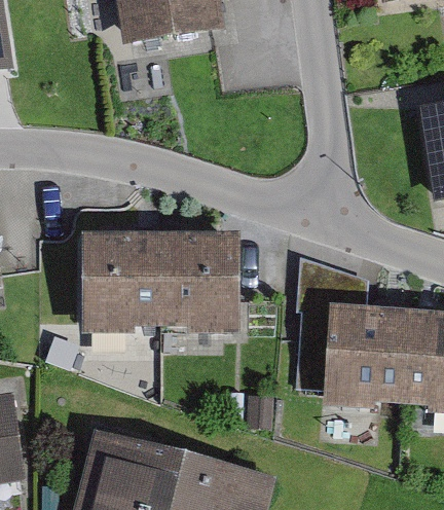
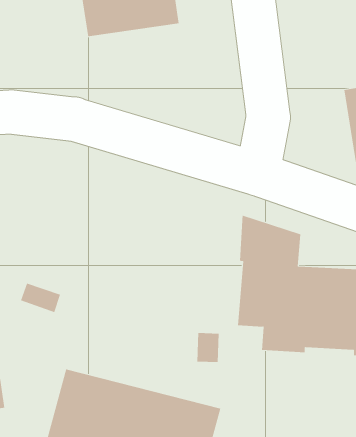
building: [83,234,242,336] -> none

